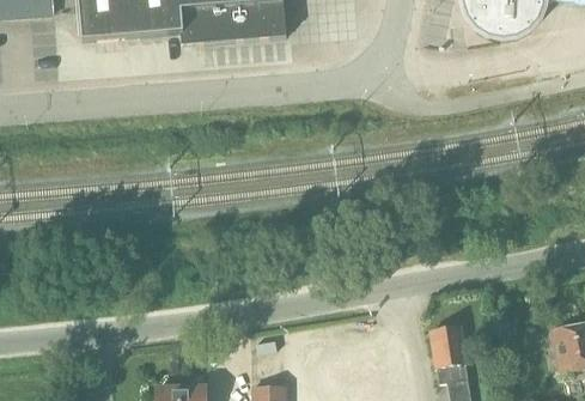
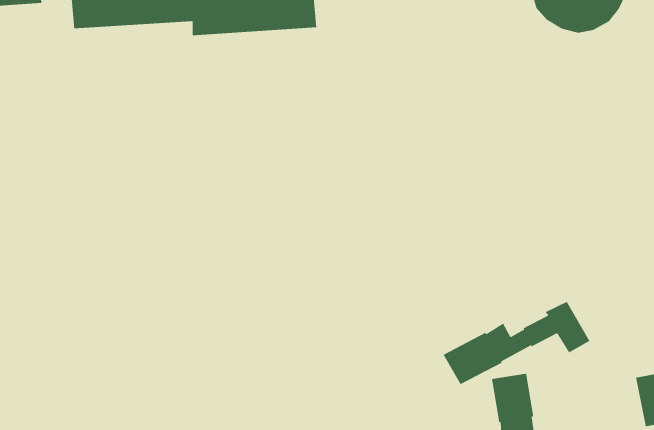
building: none -> [443,301,591,385]

